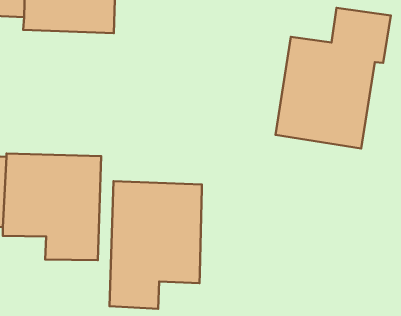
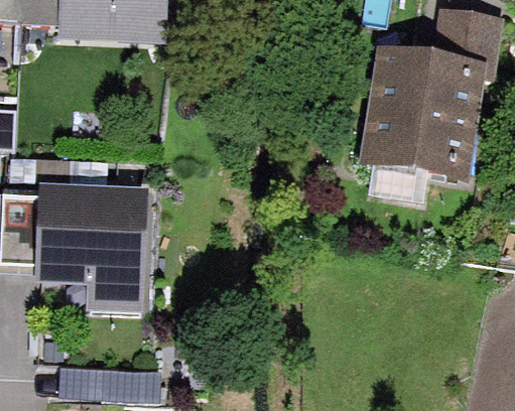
building: [109,181,202,309] -> none

